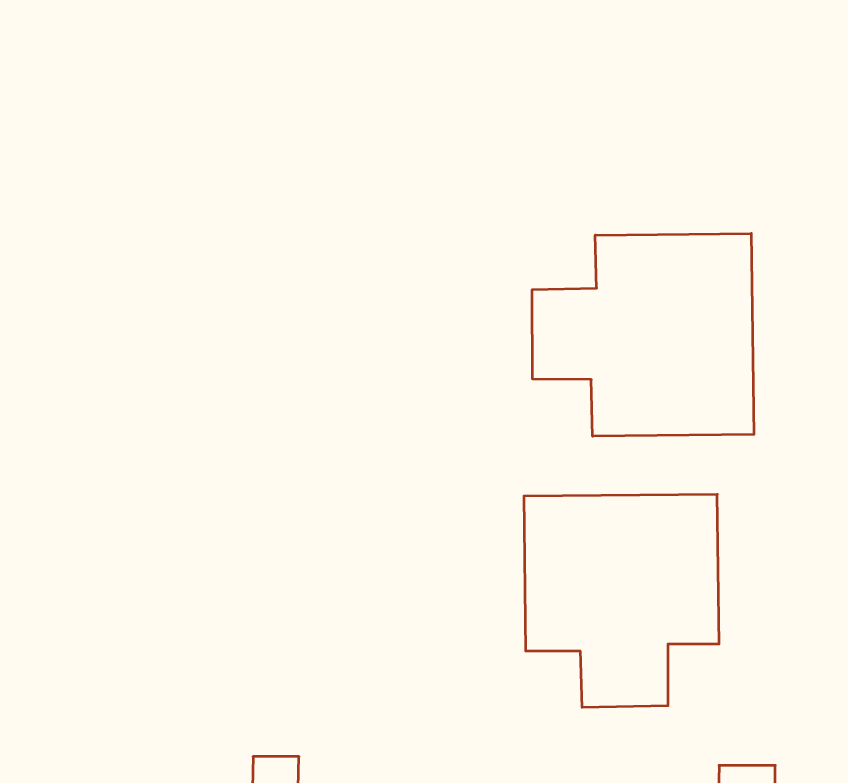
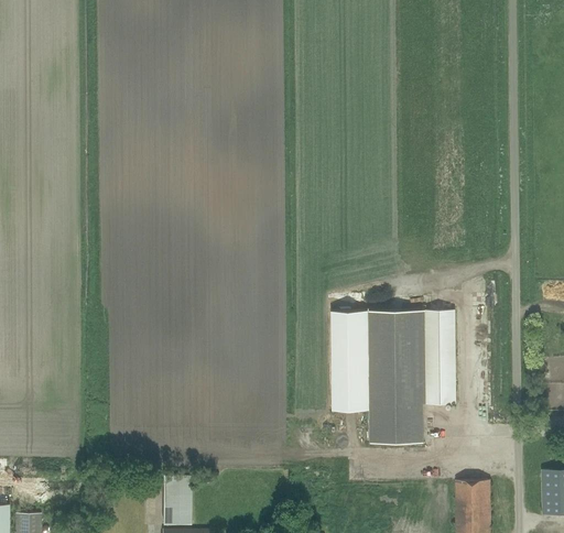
building: [532,233,754,436] -> none

